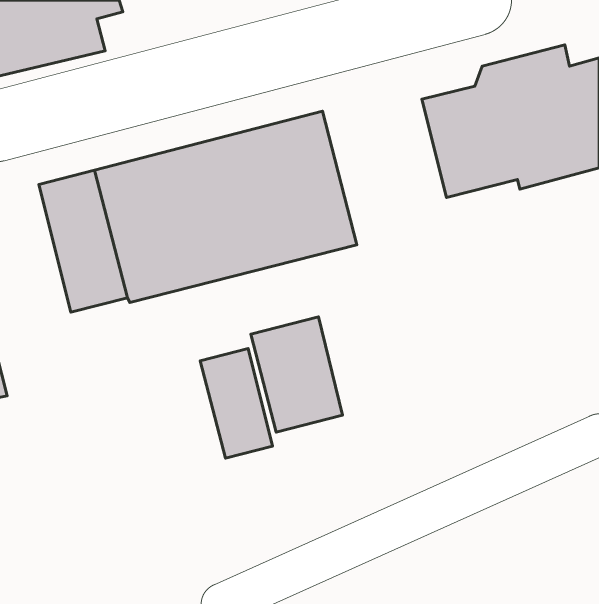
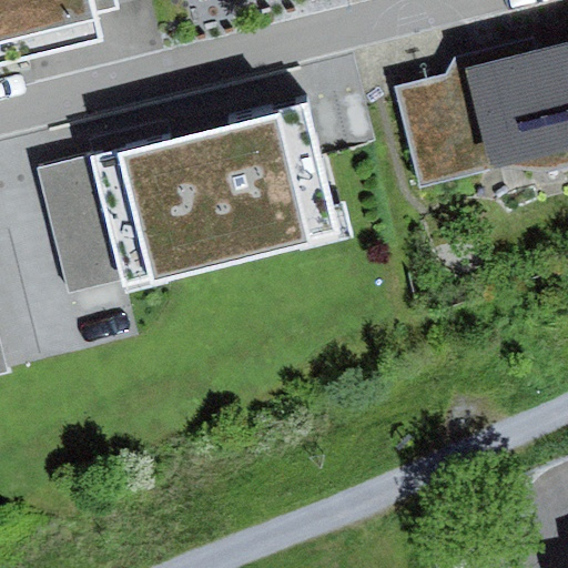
building: [251,317,342,432] -> none
building: [200,348,272,458] -> none

